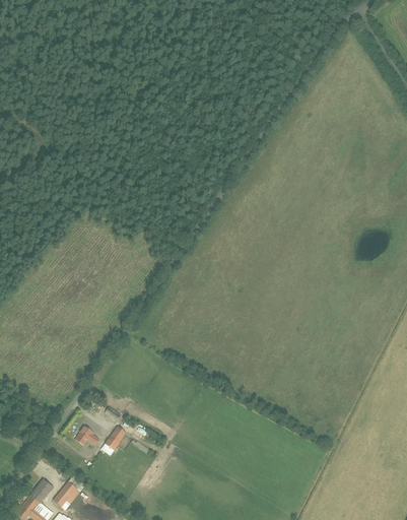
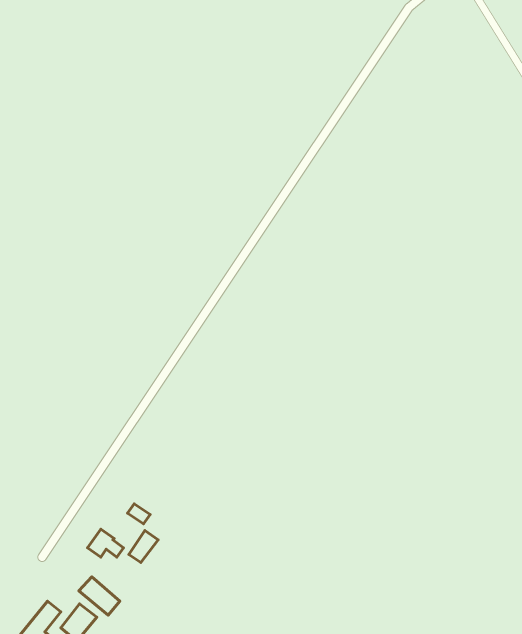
building: none -> [79,577,120,615]

